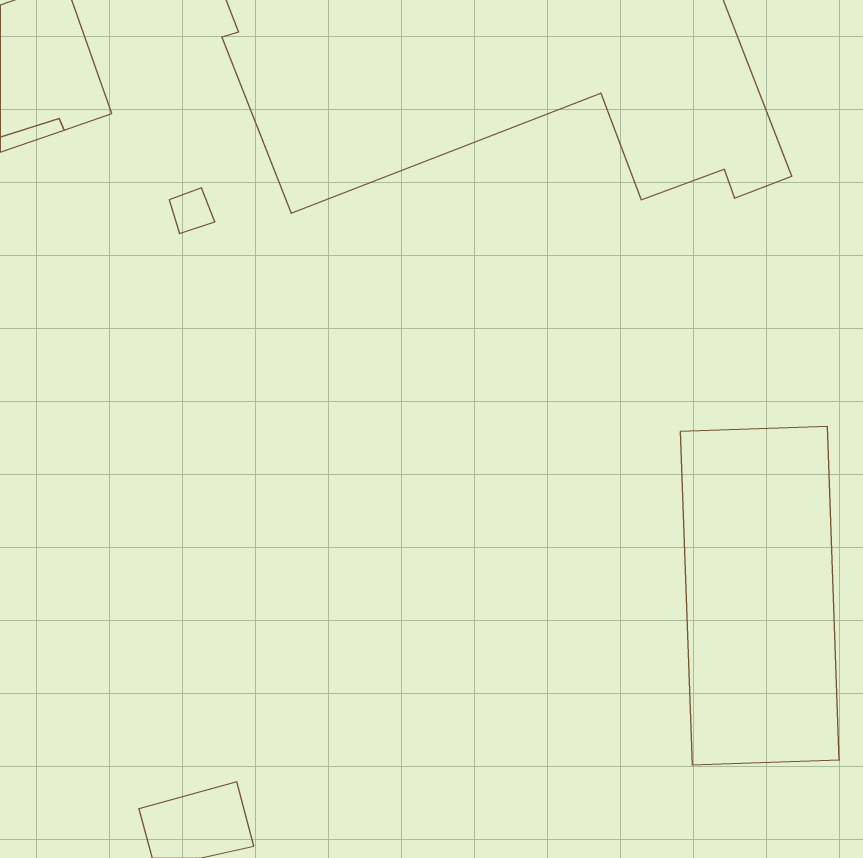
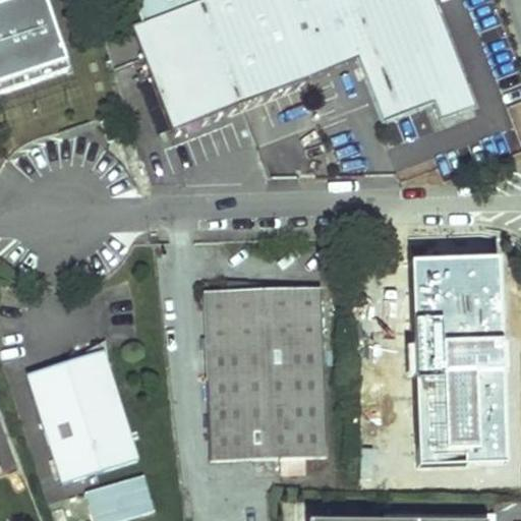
building: none -> [204,287,327,472]
building: none -> [27,348,139,481]

